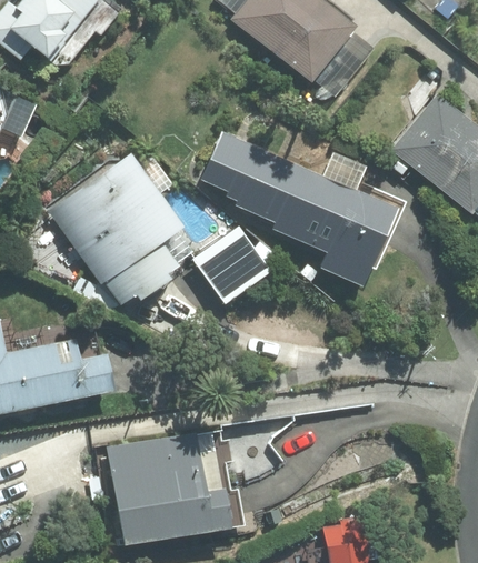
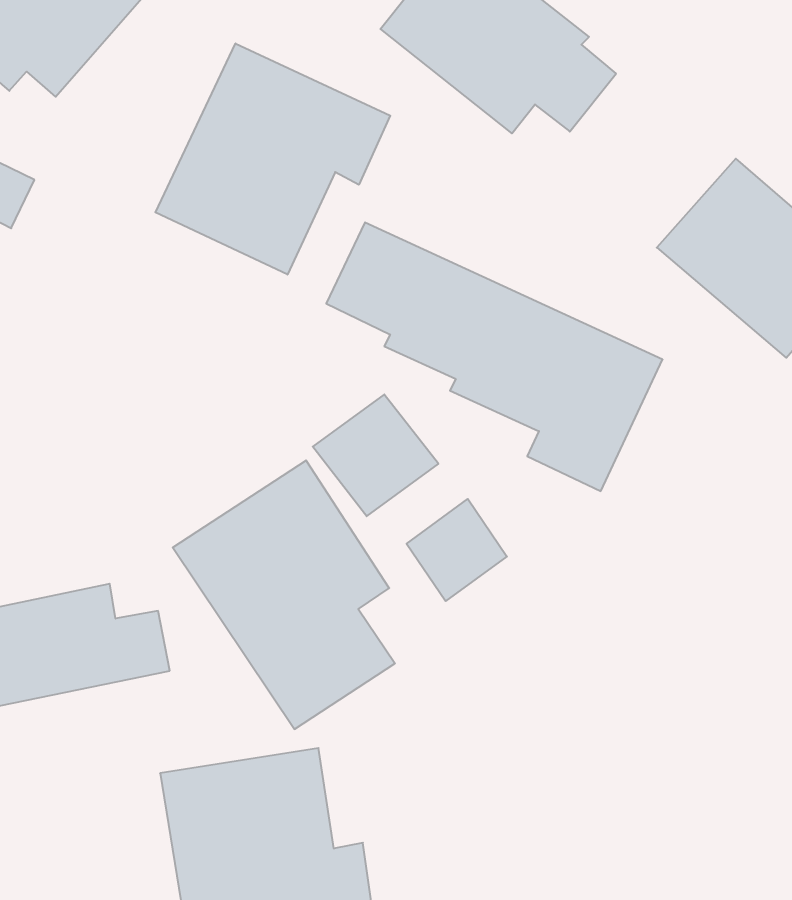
building: none -> [155,43,390,275]
building: [48,154,176,309] -> [173,460,395,729]
building: none -> [407,499,507,601]

